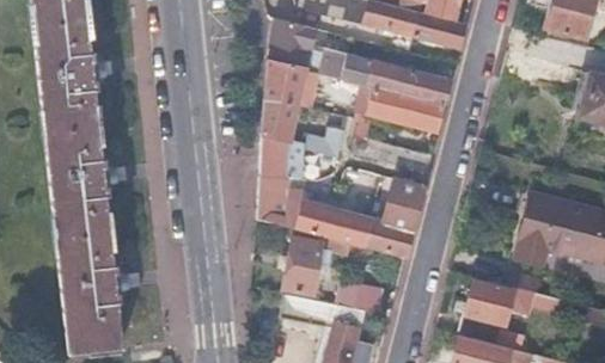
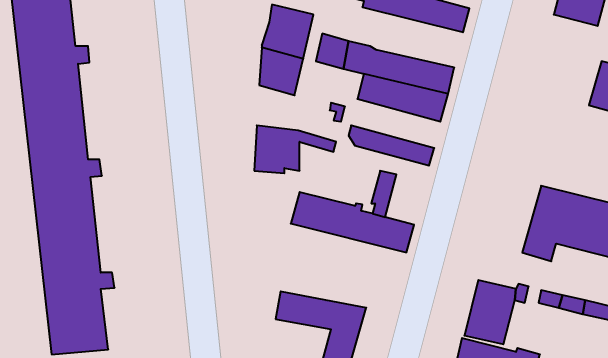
building: [264,98,341,152] -> none
building: [259,179,307,229] -> none
building: [386,183,424,230] -> none
building: [281,240,342,302] -> none

